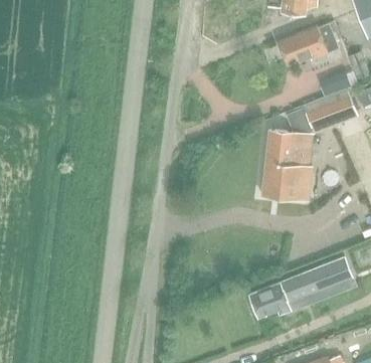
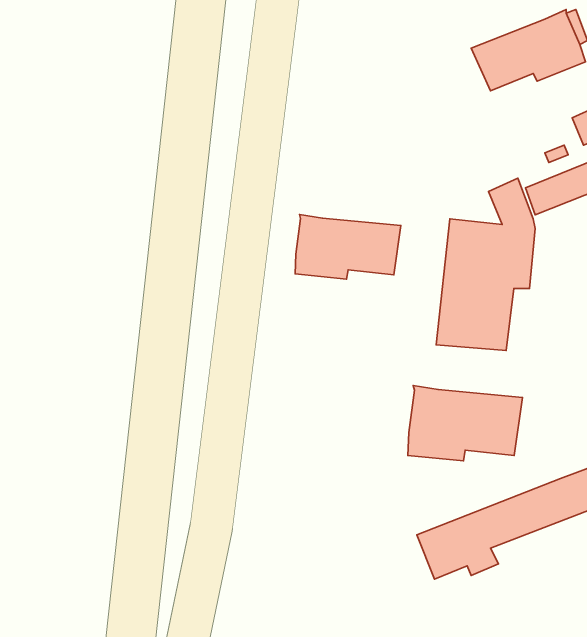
building: none -> [295,215,401,279]
building: none -> [408,386,523,461]

